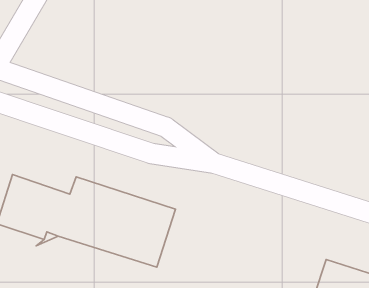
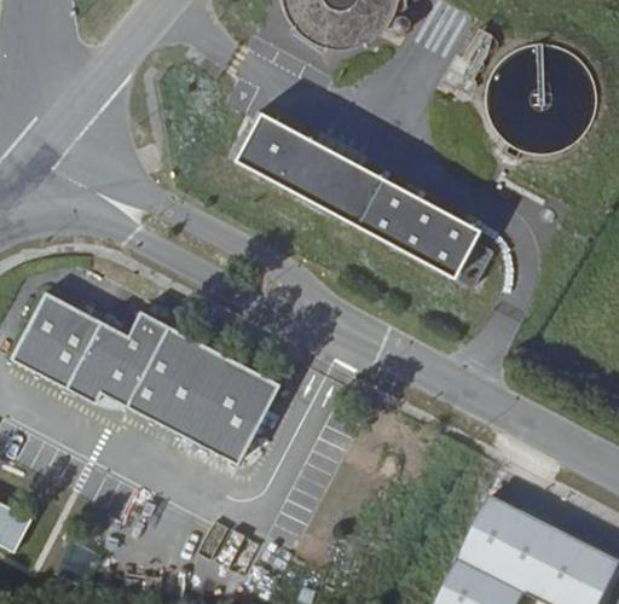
building: none -> [235,104,484,274]

